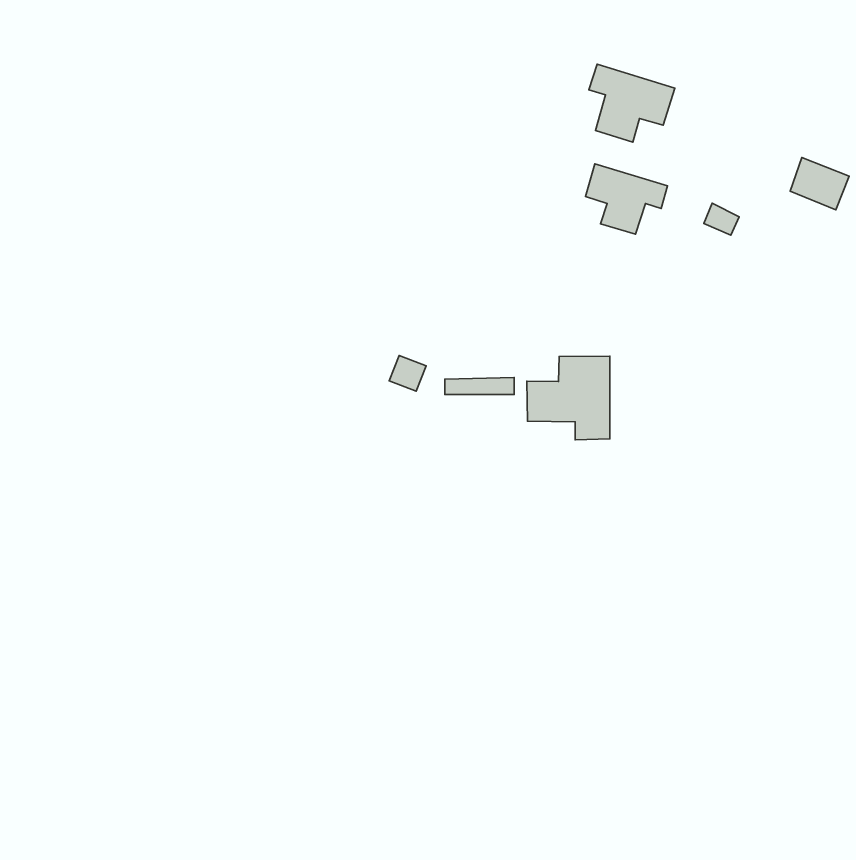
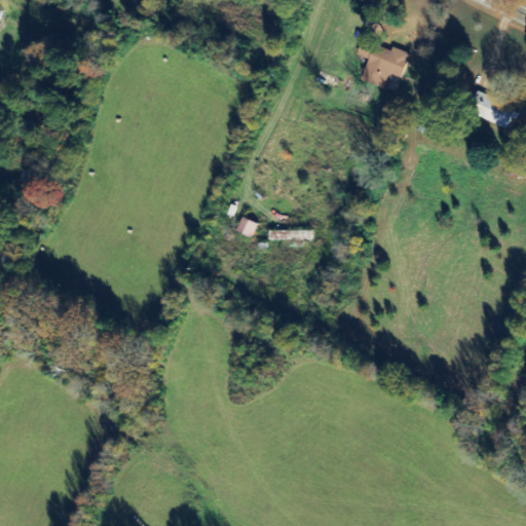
building: [585,164,667,234] -> none
building: [527,356,610,440] -> none

